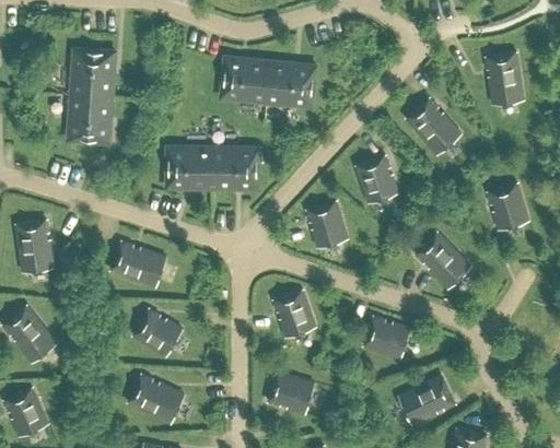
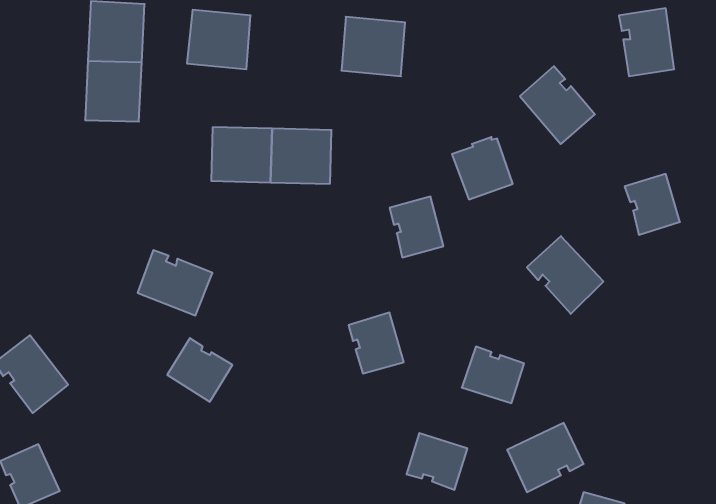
building: [222,56,271,102] -> [187,10,251,69]
building: [10,217,52,270] -> none
building: [267,368,314,412] -> [406,433,467,490]
building: [128,374,187,427] -> none

